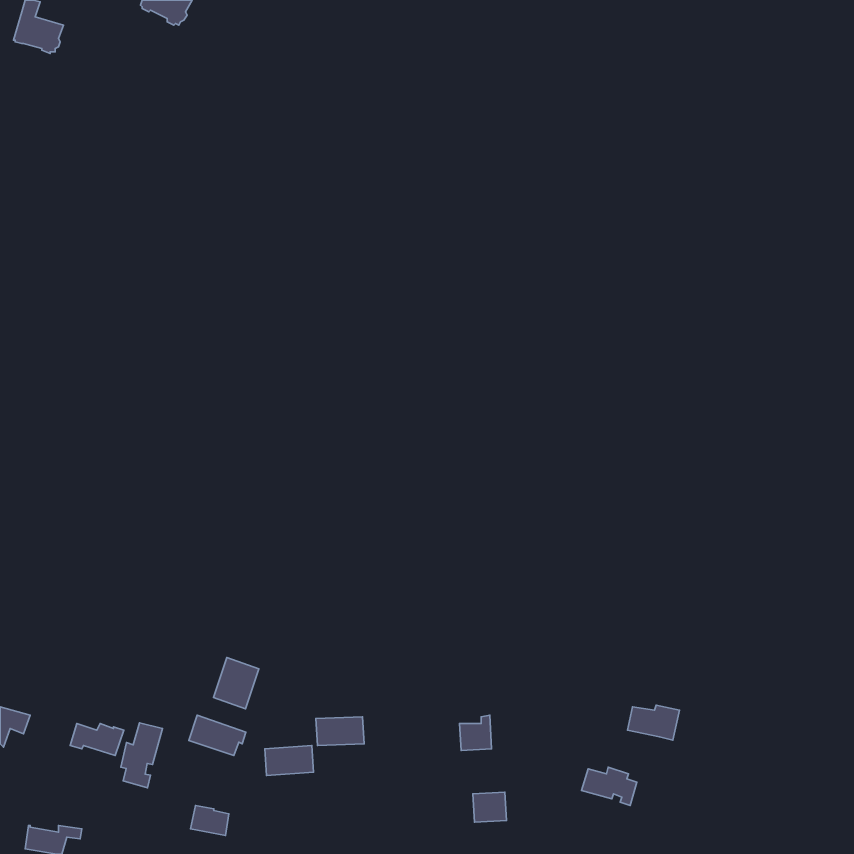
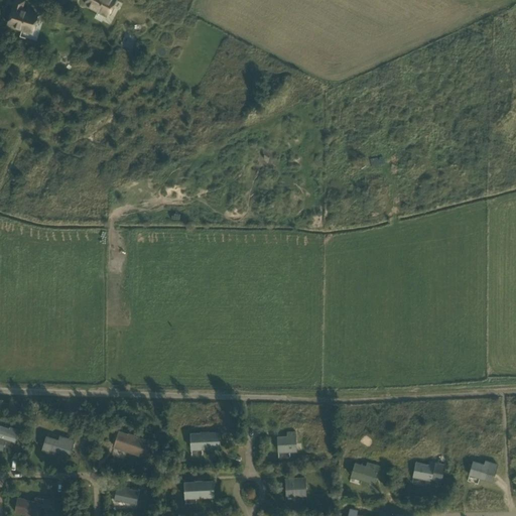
building: [214,657,259,709] -> none
building: [628,705,679,740] -> [413,462,444,483]
building: [121,723,162,788] -> none
building: [265,745,313,776] -> [184,481,214,499]
building: none -> [469,461,498,482]

